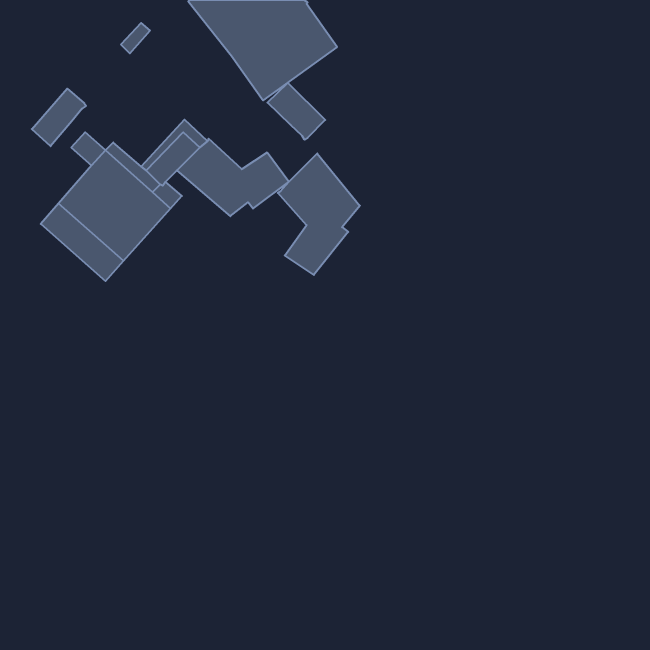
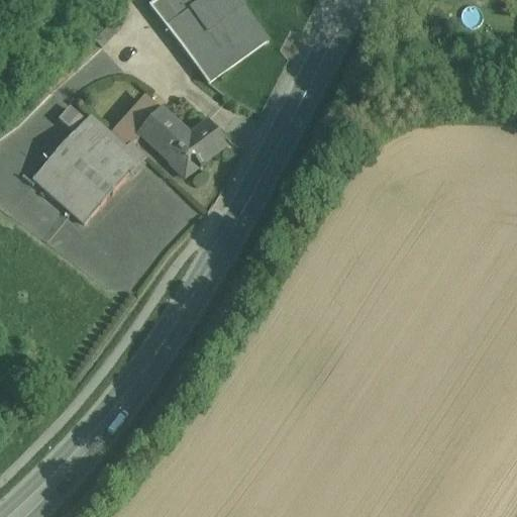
building: [267,83,325,140] -> none
building: [32,89,86,146] -> none
building: [278,153,360,275] -> none

